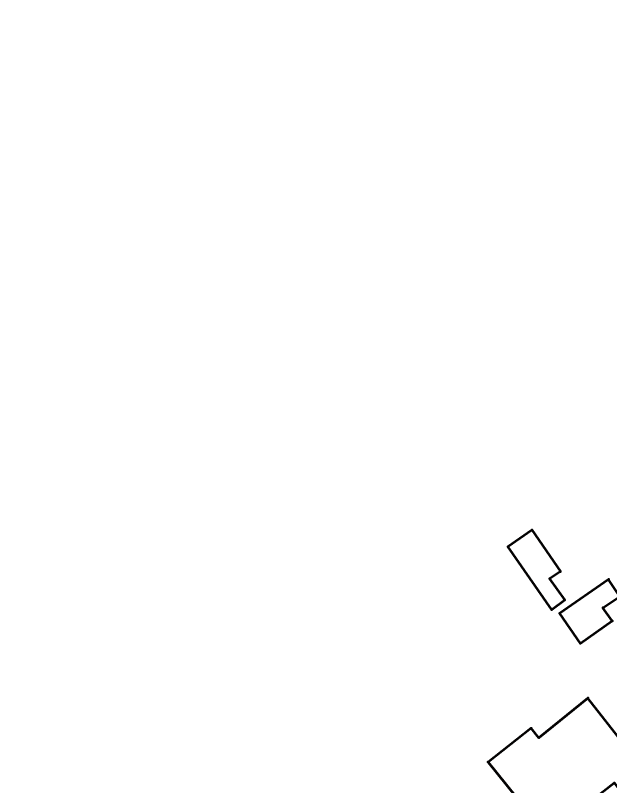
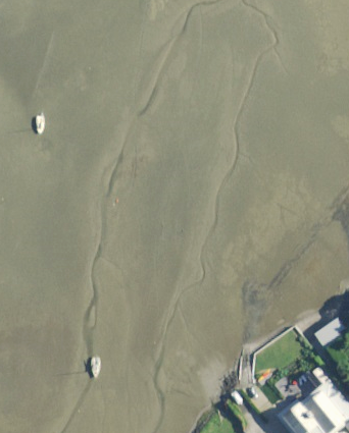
building: [508,530,565,610] -> none

